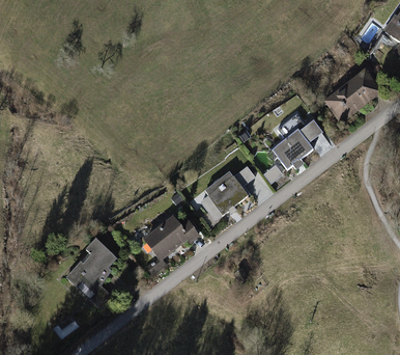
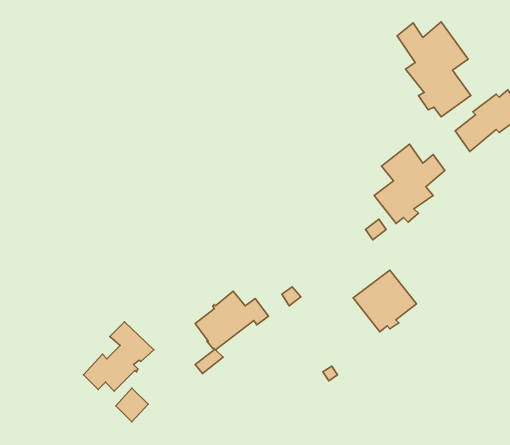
building: none -> [397,22,471,117]
building: [203,170,248,214] -> [353,270,416,332]

